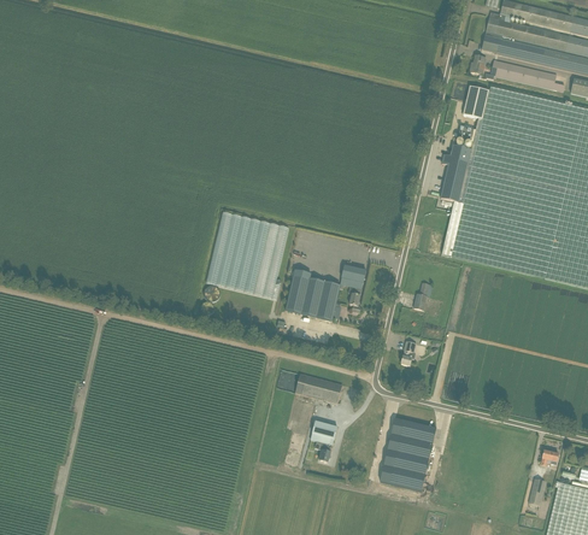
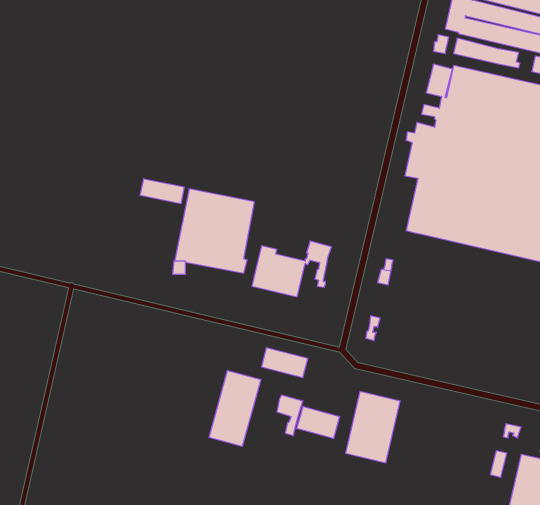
building: none -> [140,179,184,204]
building: none -> [209,370,261,446]
building: none -> [297,406,340,439]

